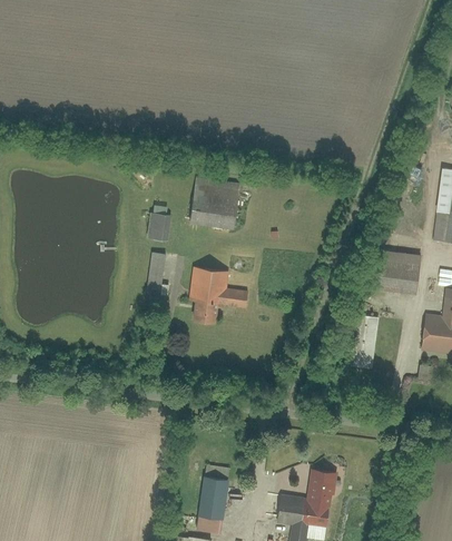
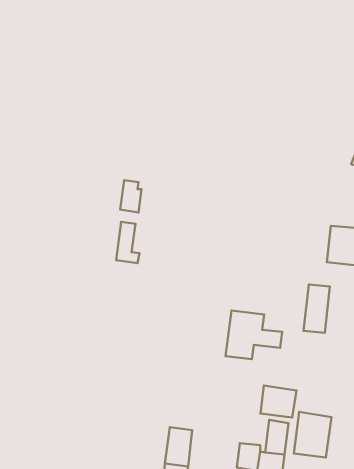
building: [189,174,240,224] -> none
building: [187,264,249,317] -> [226,310,282,359]
building: none -> [260,385,296,417]
building: none -> [294,412,332,458]

